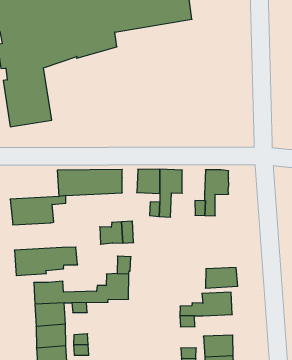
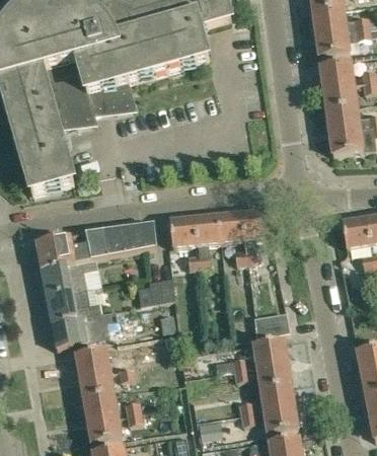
building: none -> [216,214,242,241]
building: none -> [34,233,90,270]
building: none -> [46,289,100,322]
building: none -> [256,362,290,388]

